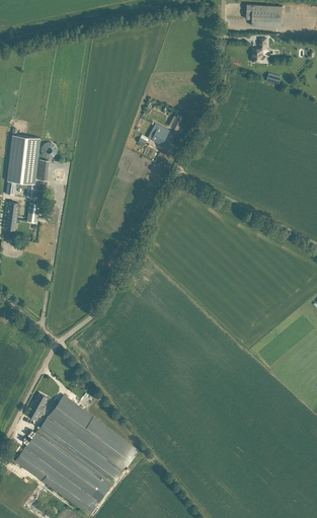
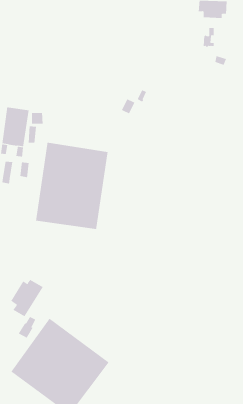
building: none -> [36,142,108,230]
building: none -> [10,279,44,317]

